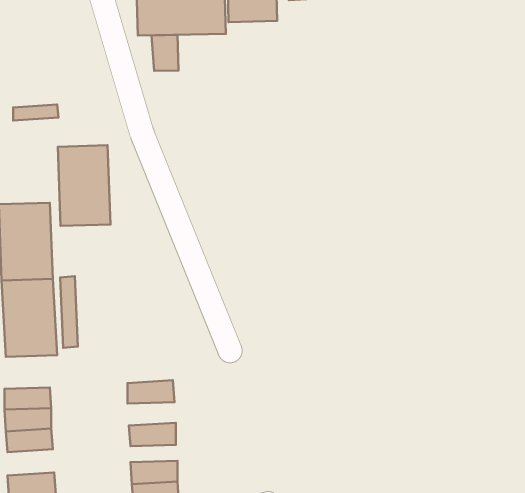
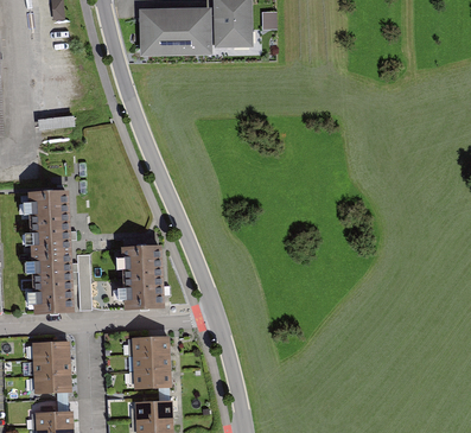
building: [151,35,179,71] -> none
building: [58,145,110,226] -> [120,246,163,311]
building: none -> [131,352,170,371]

